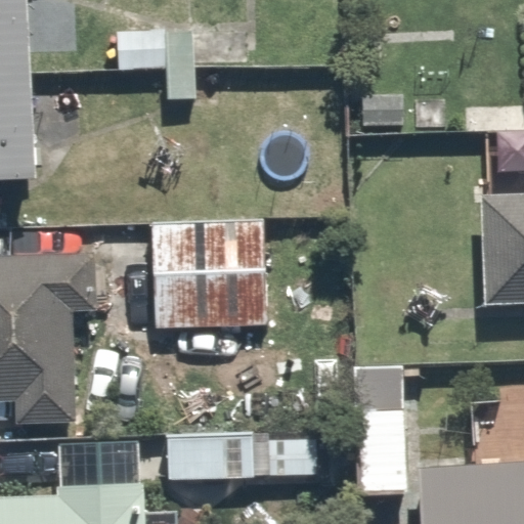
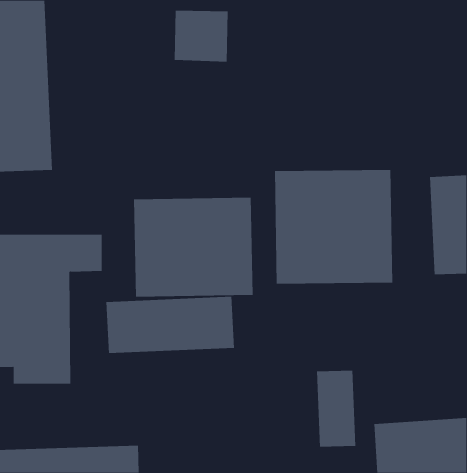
building: none -> [274,169,393,285]
building: [174,421,317,484] -> [105,296,235,354]

